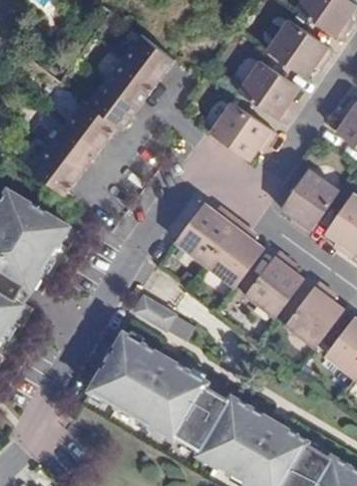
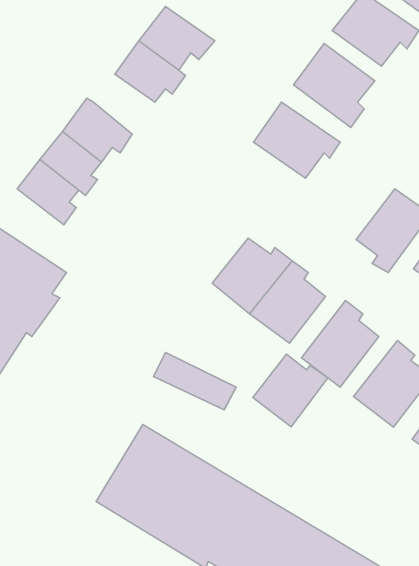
building: [87,81,133,130] -> none
building: none -> [253,354,328,427]

